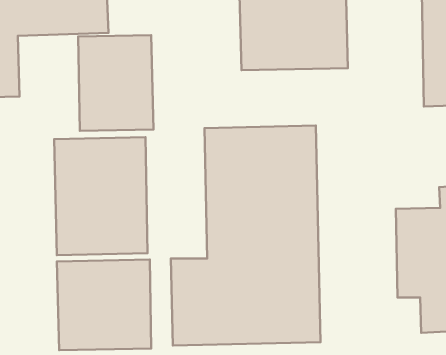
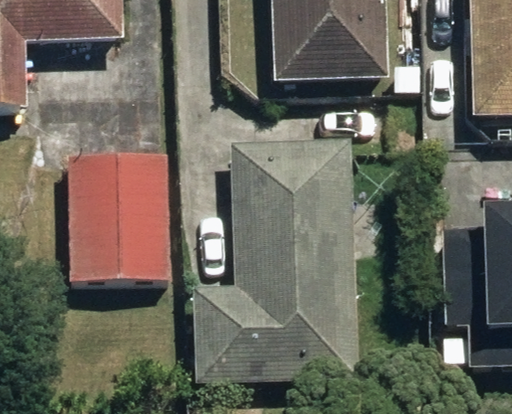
building: [78,35,153,131] -> none
building: [57,260,151,350] -> none

